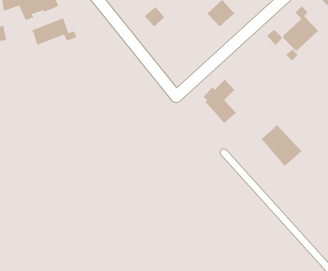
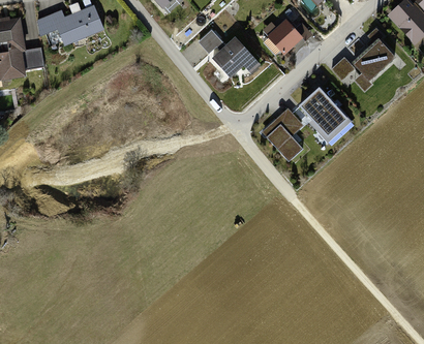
building: none -> [212,38,251,77]
building: [31,18,77,45] -> none
building: [261,124,302,167] -> [300,89,346,136]

